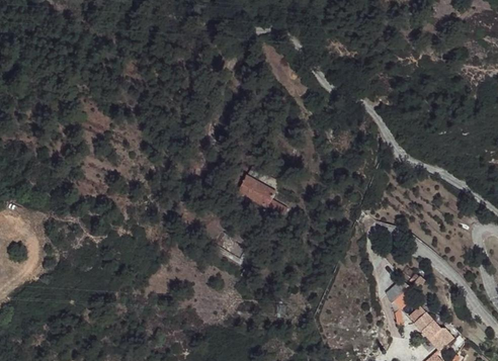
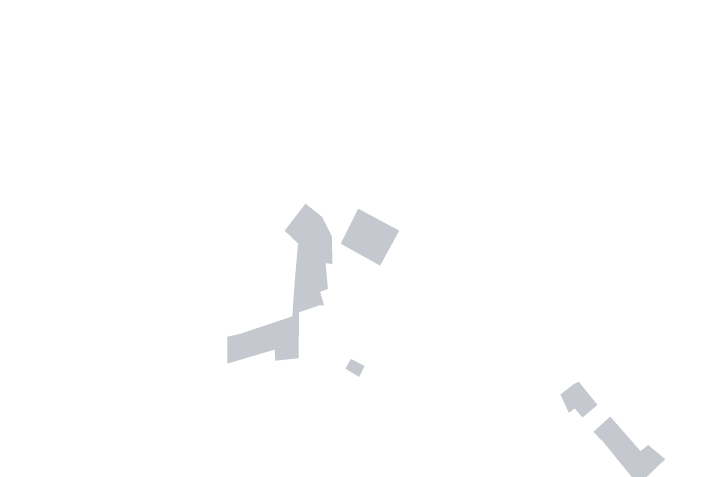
building: none -> [227,203,333,365]

